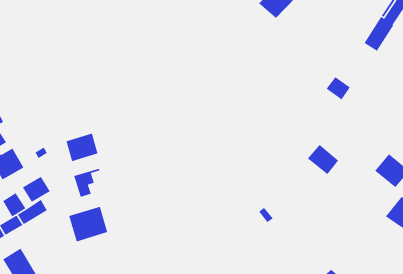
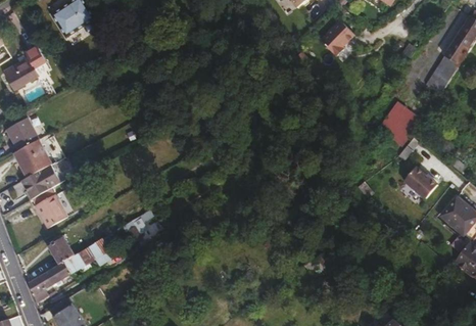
building: [65,133,98,162] -> none
building: [307,144,339,175] -> [401,166,435,198]
building: [22,176,51,203] -> none
building: [68,206,108,242] -> none

